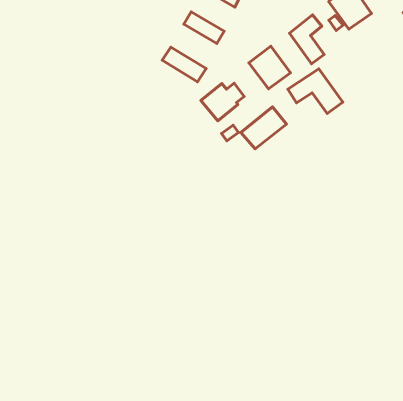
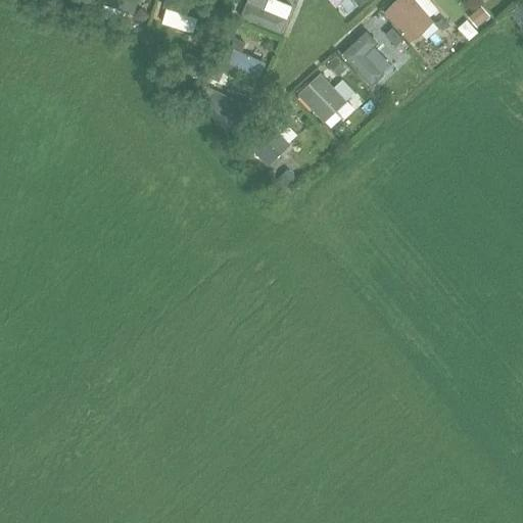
building: [288,69,343,113] -> none
building: [241,107,286,149] -> none

